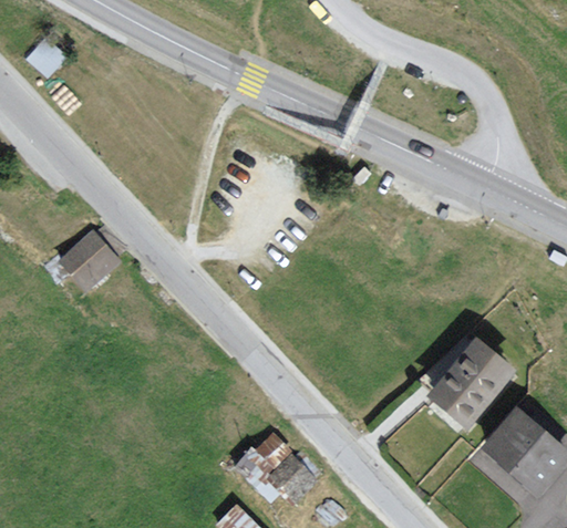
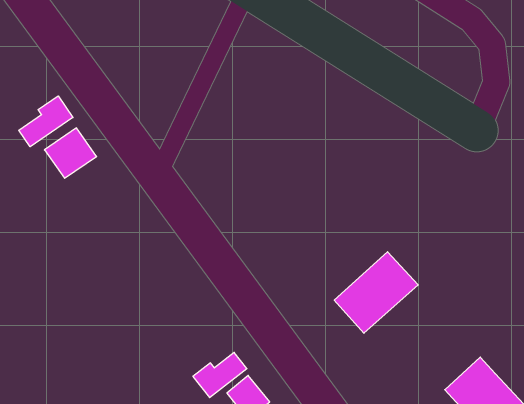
building: none -> [19,96,73,147]
building: [430,340,511,423] -> [334,252,418,333]

